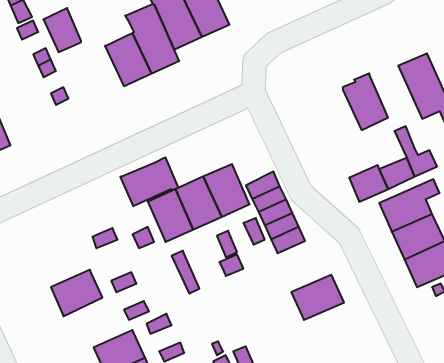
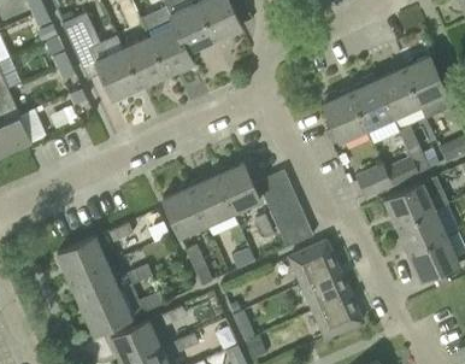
building: none -> [95,35,140,99]
building: none -> [376,67,419,117]
building: none -> [320,88,367,145]
building: [120,157,179,206] -> none
building: none -> [58,236,107,280]
building: none -> [288,240,339,284]
building: none -> [82,289,131,334]
building: none -> [312,294,363,337]

